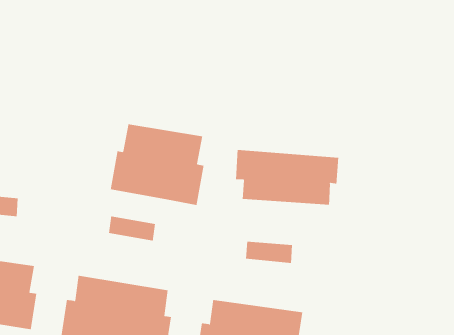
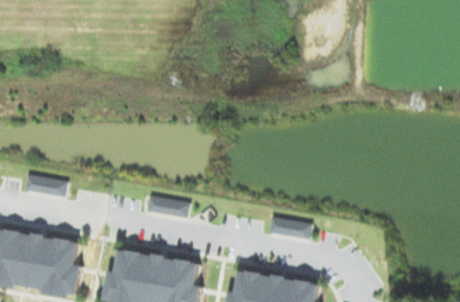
building: [110,124,204,206] -> none
building: [236,149,339,206] -> none

